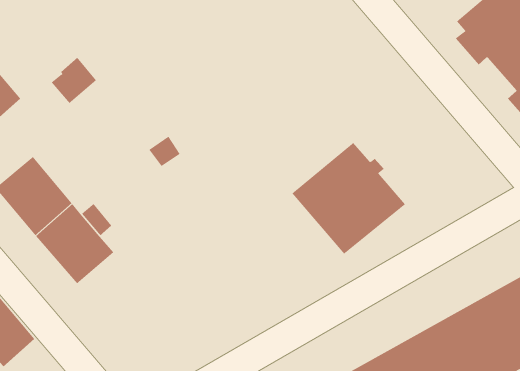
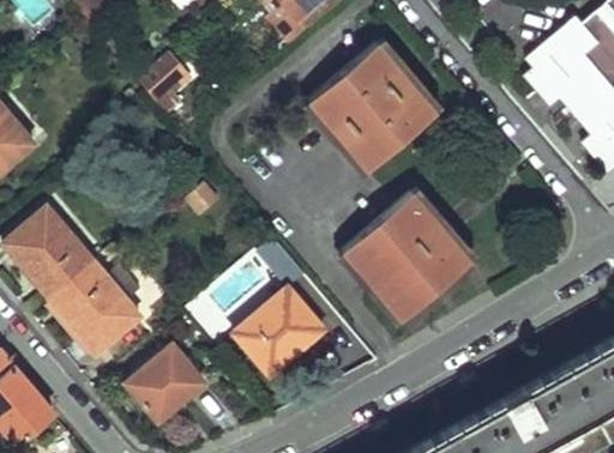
building: none -> [308,42,438,169]
building: [51,57,97,104] -> [138,50,189,103]
building: none -> [236,284,324,373]
building: none -> [131,344,207,421]

